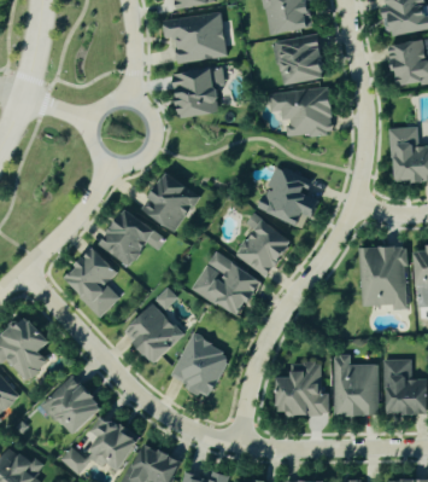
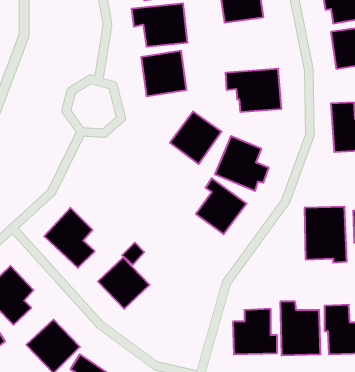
building: [275,34,324,85] -> none
building: [140,172,199,232] -> [170,111,222,164]
building: [98,208,166,266] -> none
building: [190,251,262,318] -> none
building: [169,333,230,397] -> none

